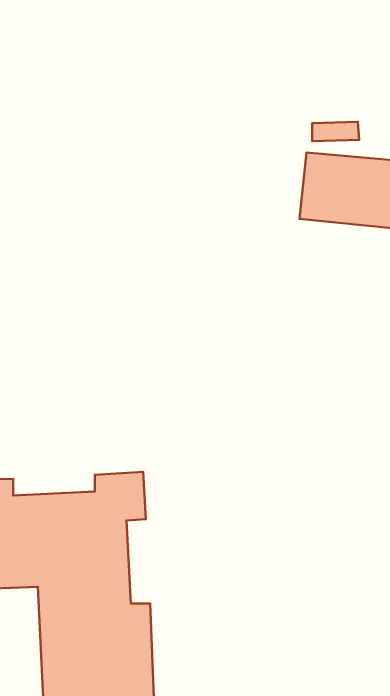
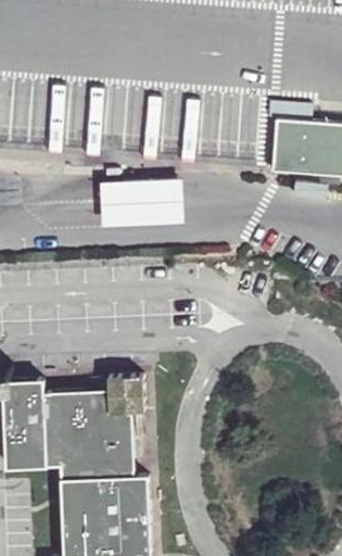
building: none -> [104,173,187,220]

